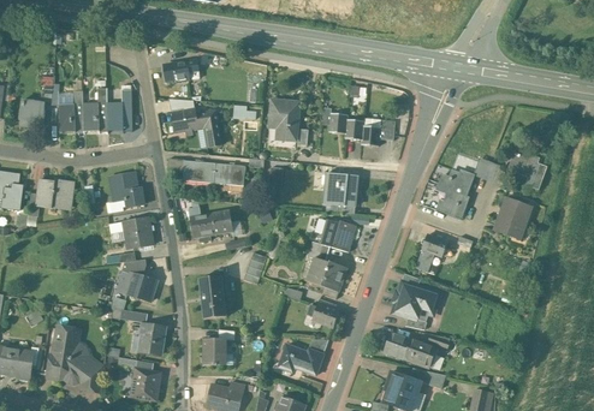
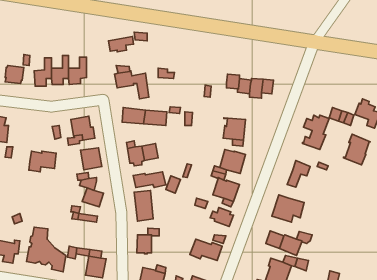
building: [269,100,299,141] -> none
building: [36,179,75,208] -> [29,151,56,172]
building: none -> [133,172,166,188]
building: [138,323,166,353] -> none

